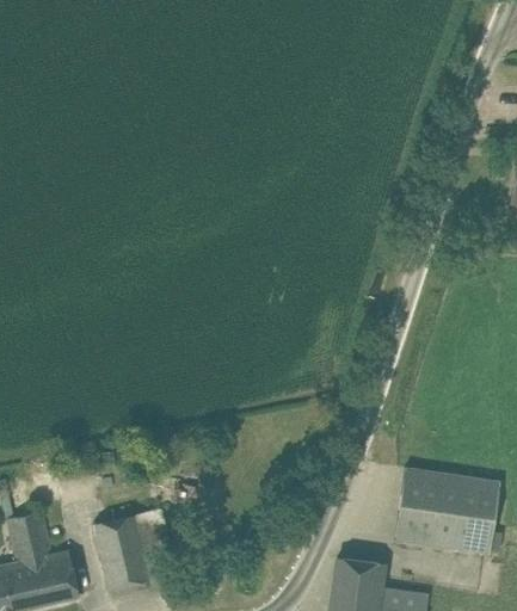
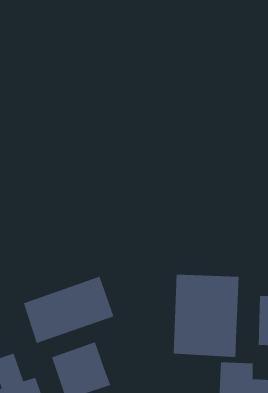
building: none -> [23,276,114,344]
building: none -> [173,274,239,358]

